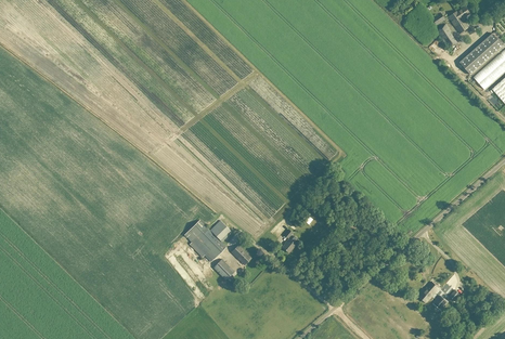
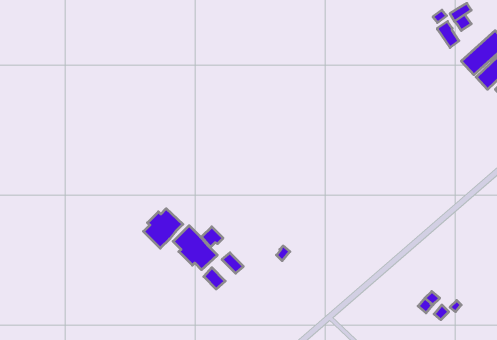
building: none -> [143,209,183,248]

